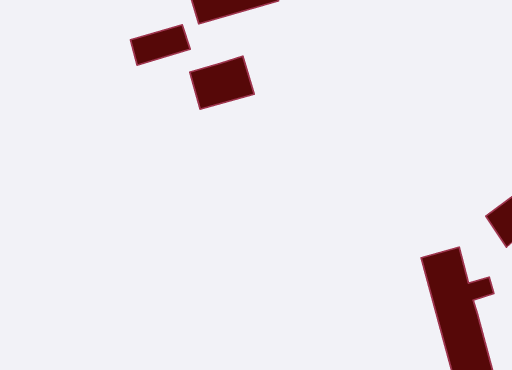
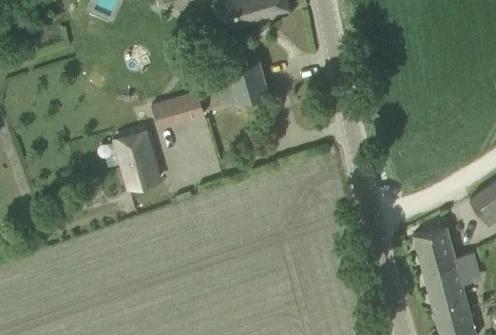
building: [130,25,190,65] -> [152,93,204,128]
building: none -> [116,130,160,188]

